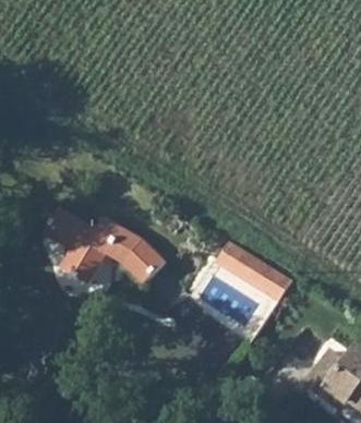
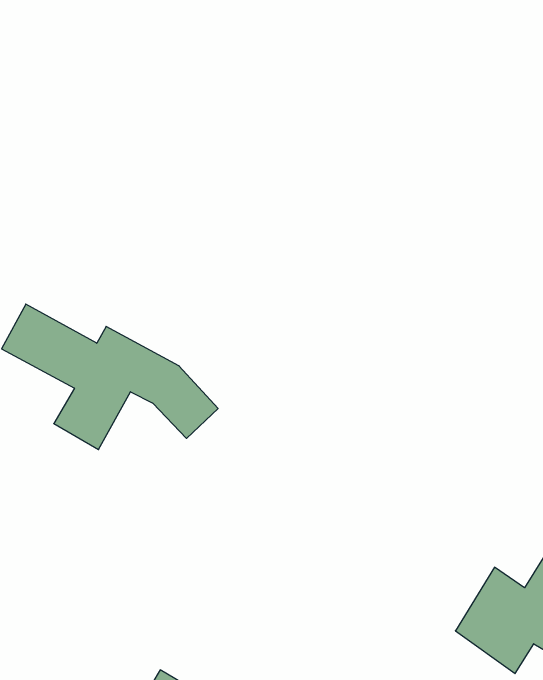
building: [215,243,289,301] -> none

